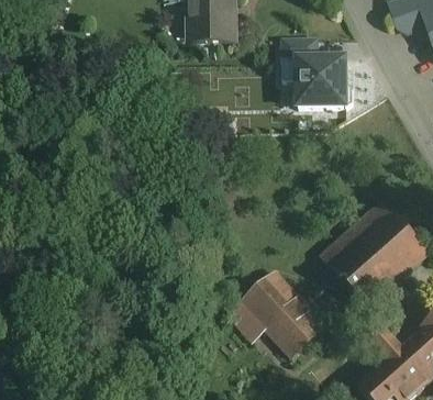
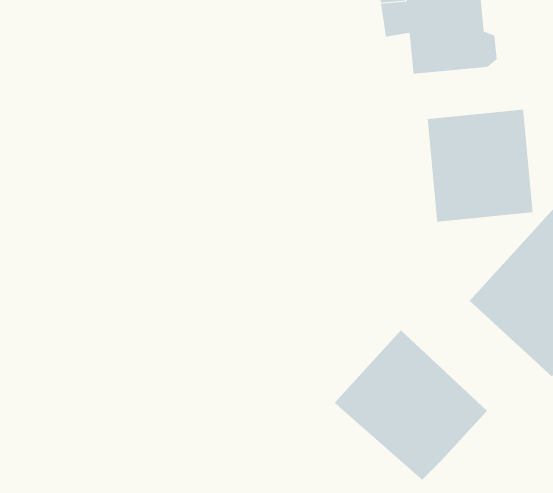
building: none -> [427,109,533,222]

